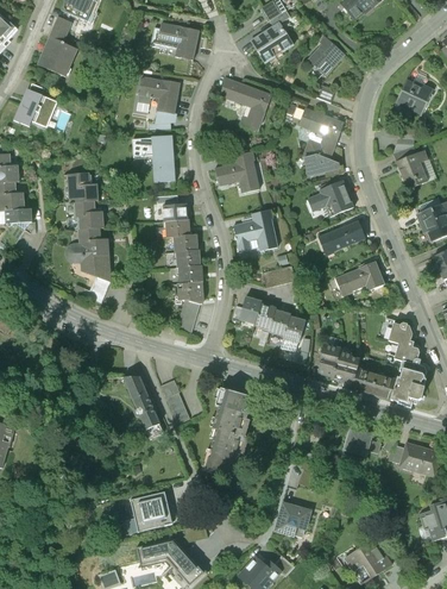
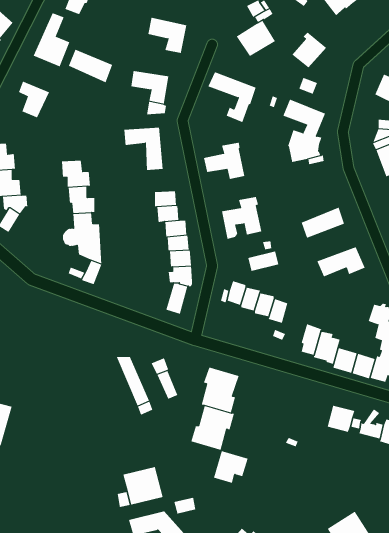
building: none -> [68,49,113,83]
building: [307,181,351,215] -> none
building: [273,502,310,537] -> [213,451,248,484]

